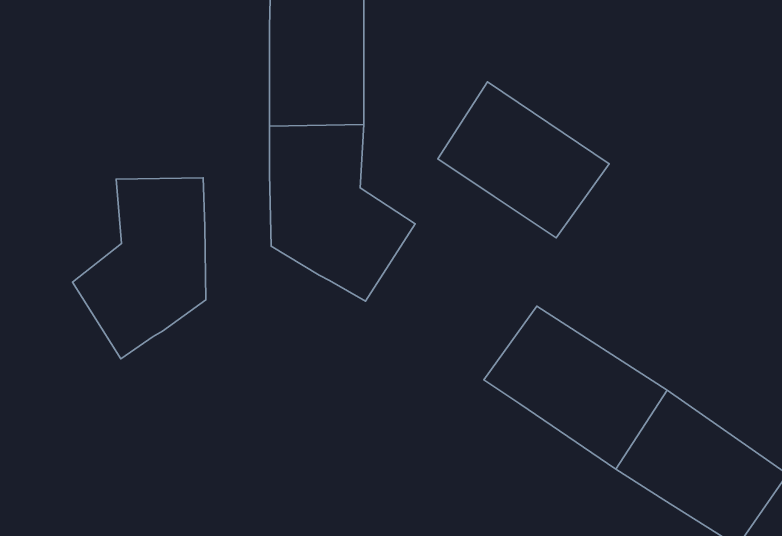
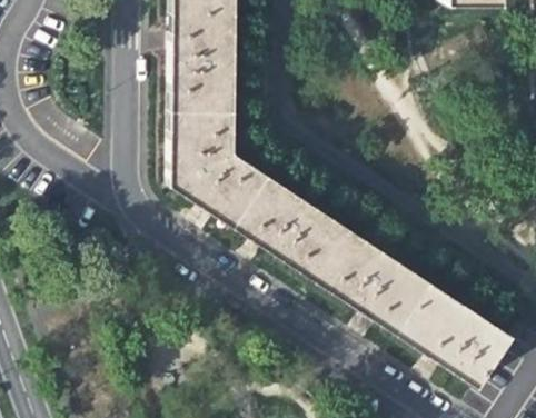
building: [438,82,609,238] -> [238,176,349,277]
building: [72,178,206,359] -> none

